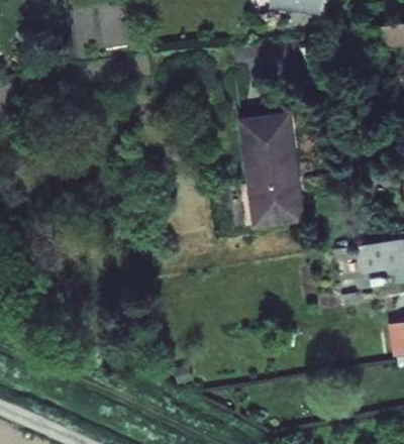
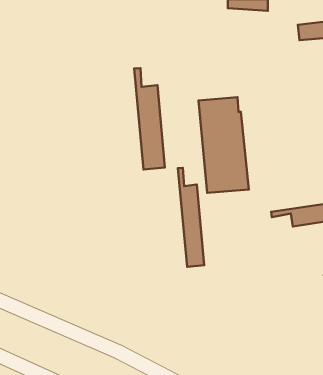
building: none -> [134,68,165,169]
building: none -> [178,168,204,267]

